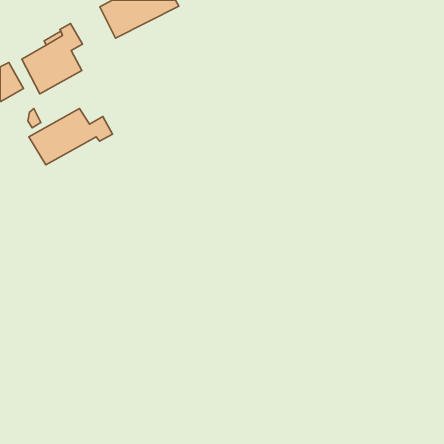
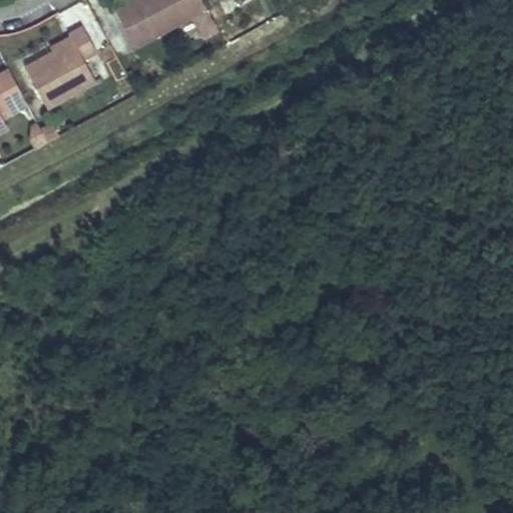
building: [29,108,112,165] -> none

